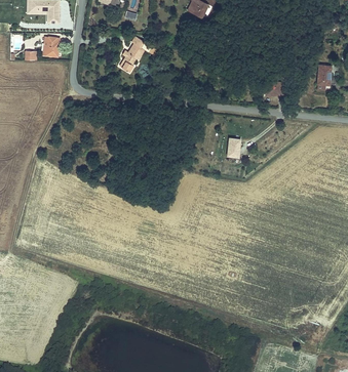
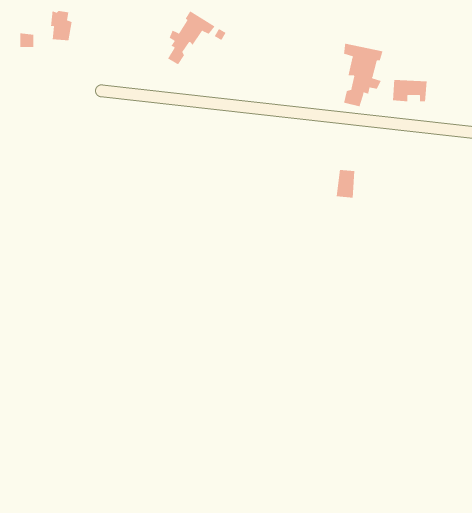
building: none -> [344,43,383,107]

